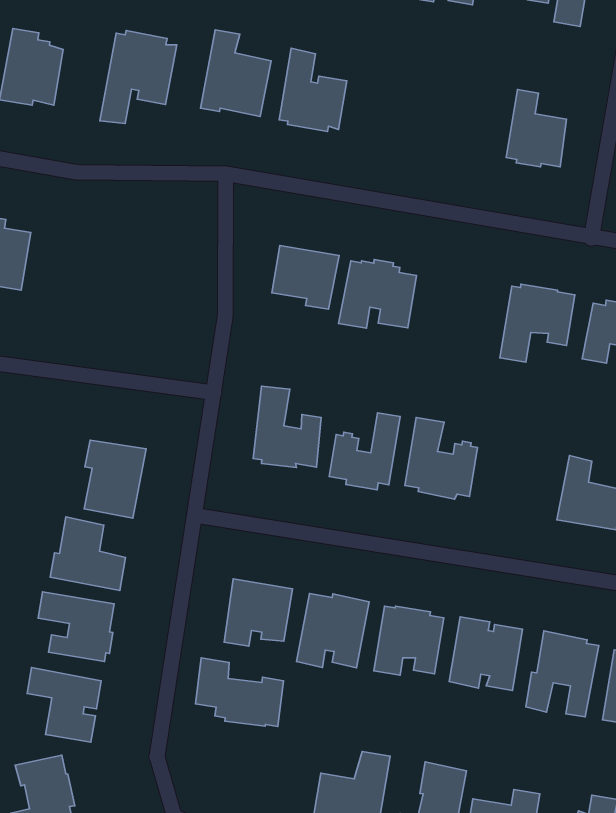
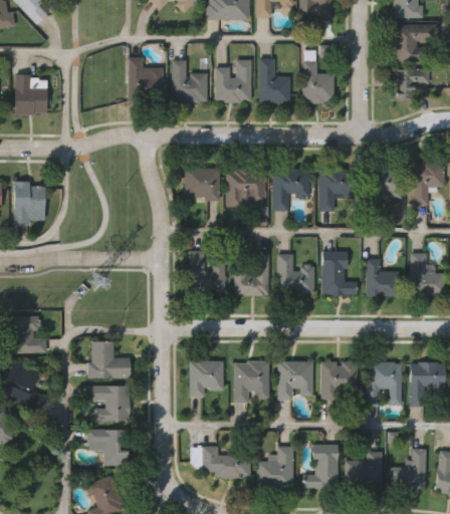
building: [100,31,177,123] -> none
building: none -> [216,59,251,101]
building: none -> [259,57,289,101]
building: none -> [272,169,308,211]
building: none -> [321,249,357,296]
building: [84,440,146,518] -> none
building: [195,658,284,726] -> [203,447,252,480]

